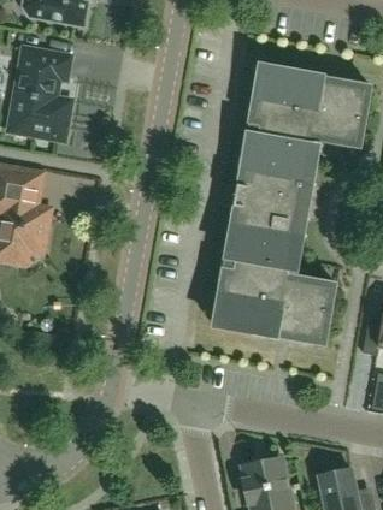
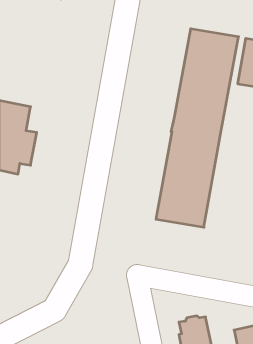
building: [10,48,71,138] -> none
building: [288,277,336,344] -> none

